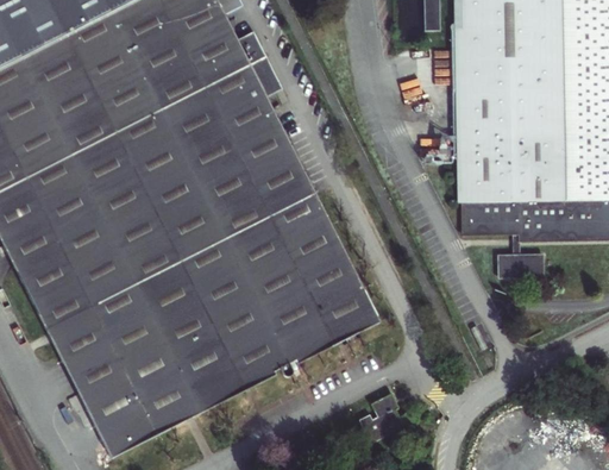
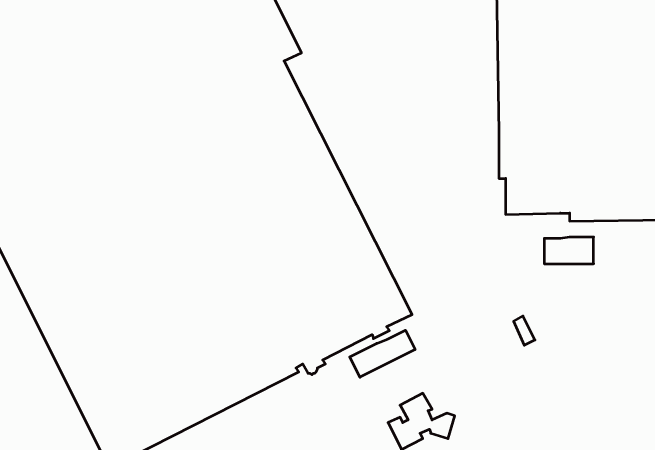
building: none -> [350,330,415,377]

